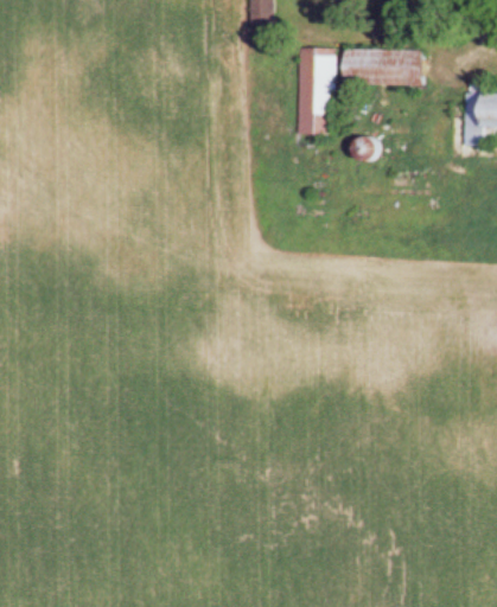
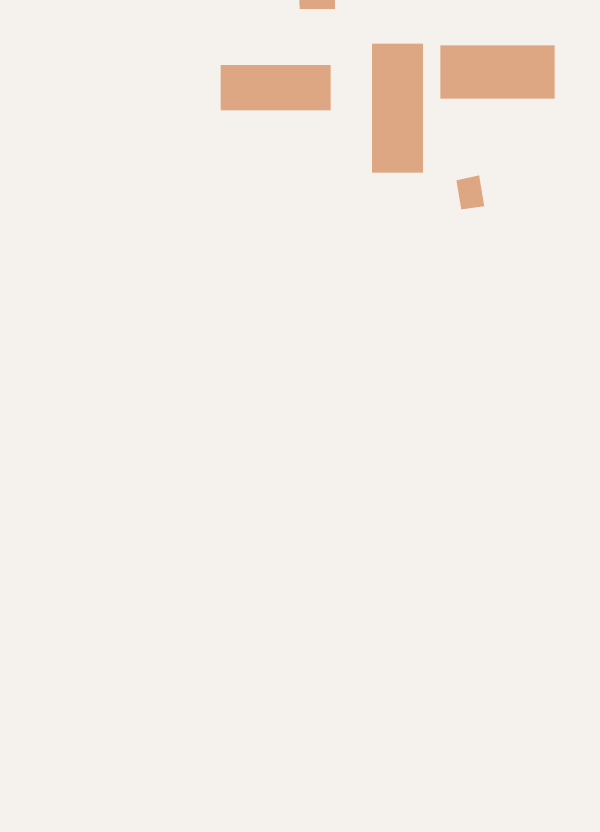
building: none -> [220,64,331,111]

